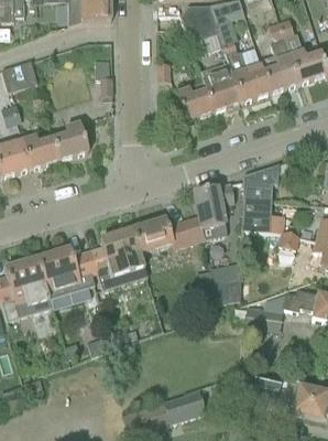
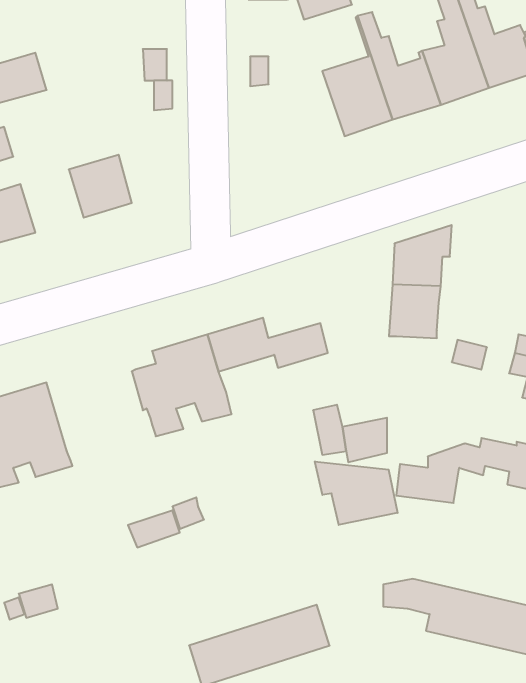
building: [175,72,215,120] -> none
building: [22,130,59,168] -> none
building: [194,183,234,239] -> none
building: [37,247,95,309] -> none
building: none -> [315,461,398,525]

